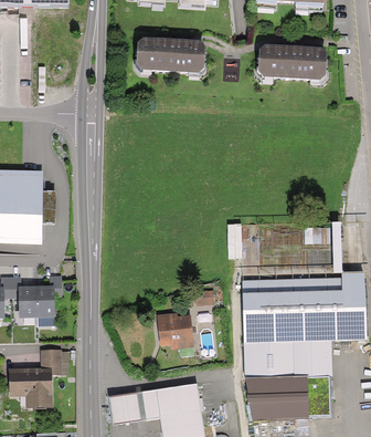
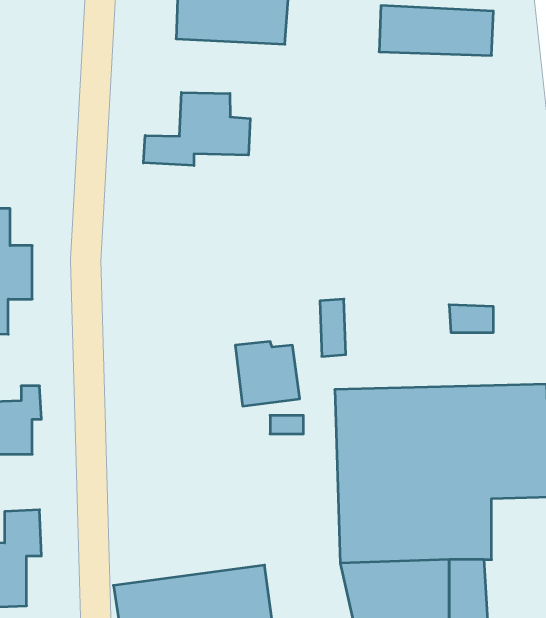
building: none -> [143,92,250,166]
building: [153,312,192,351] -> [235,342,300,406]

